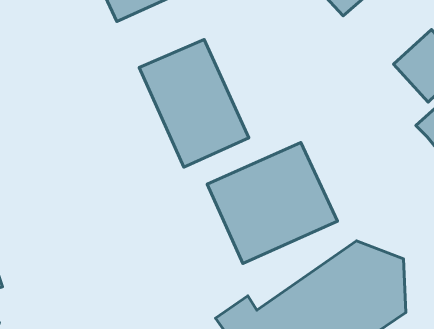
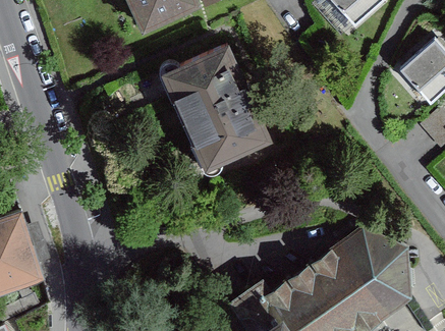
building: [207,143,337,263] -> none

